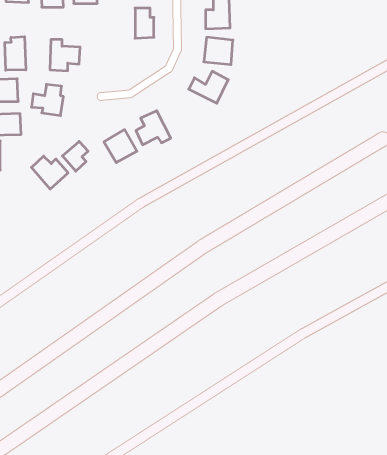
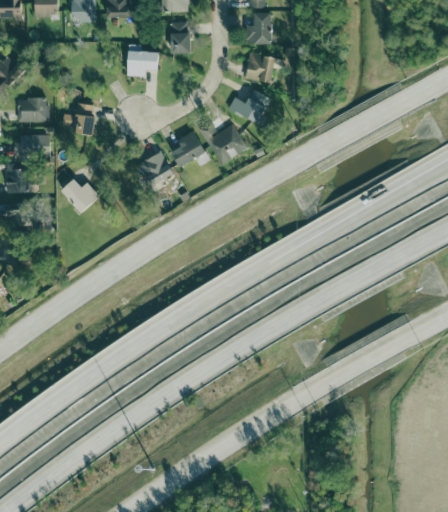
building: [5,37,26,70] -> none
building: [50,40,80,71] -> [127,44,159,77]
building: none -> [207,125,246,163]
building: [62,141,88,171] -> none

